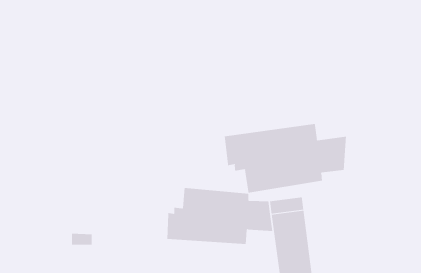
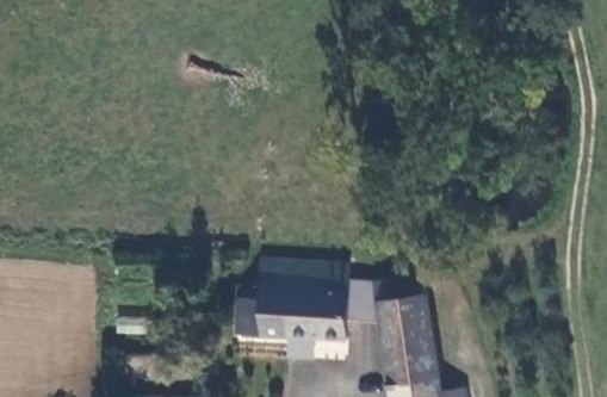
building: [224,123,347,193] -> none

